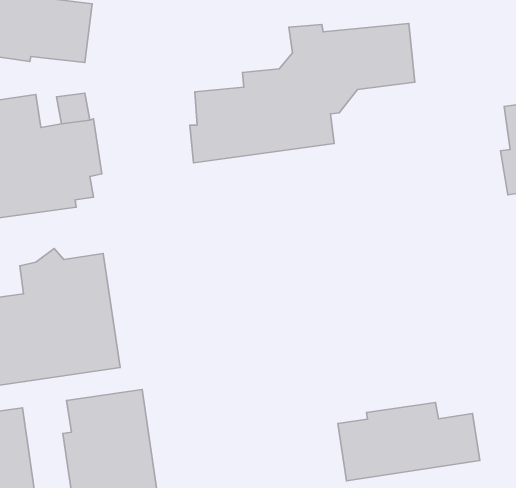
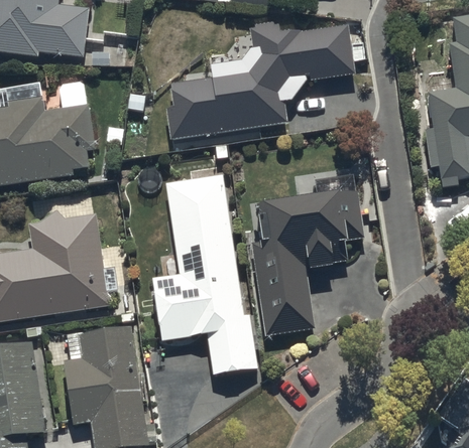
building: none -> [153,176,259,376]
building: none -> [251,189,365,335]
building: [338,402,480,481] -> none

